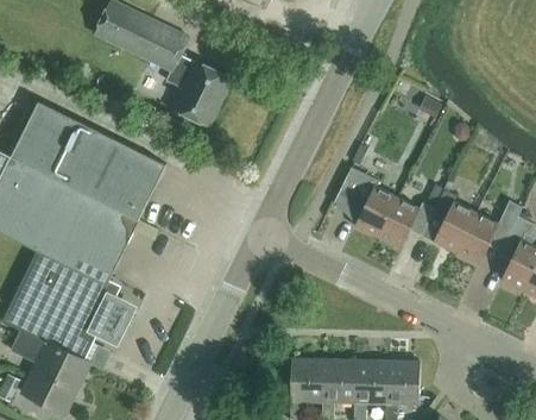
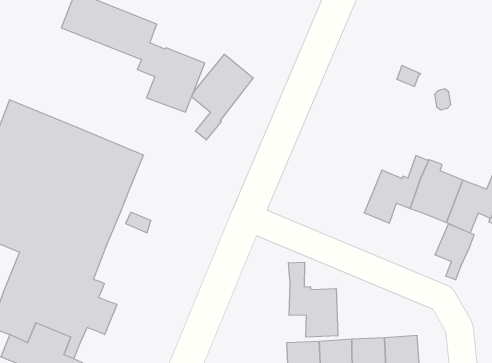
building: none -> [191,54,253,140]
building: [333,168,396,237] -> none
building: none -> [435,224,474,280]
building: none -> [289,262,338,337]

